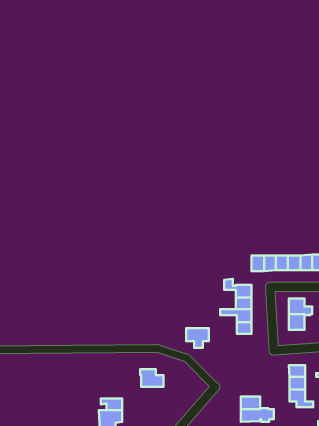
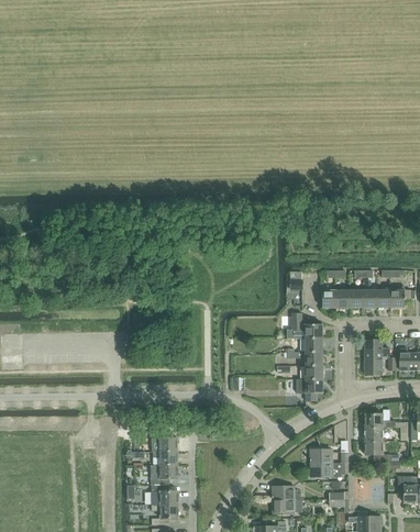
building: [186,328,209,348] -> [297,378,322,400]
building: [140,369,164,387] -> [151,431,177,451]

